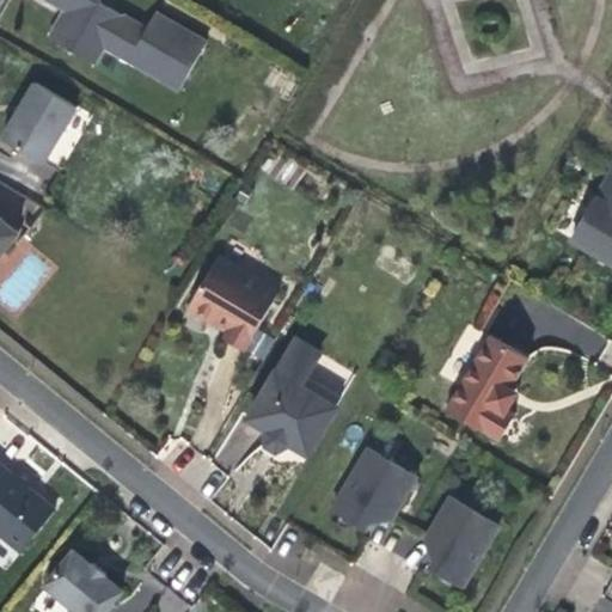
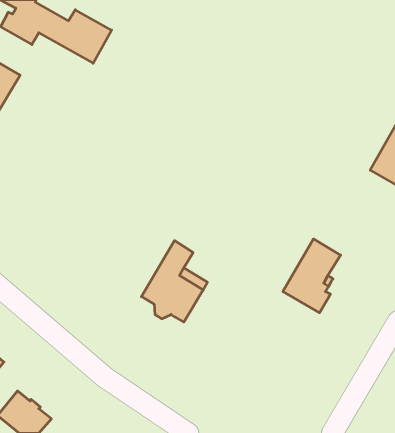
building: [185,259,276,351] -> none
building: [331,448,416,530] -> none
building: [423,497,498,587] -> none

